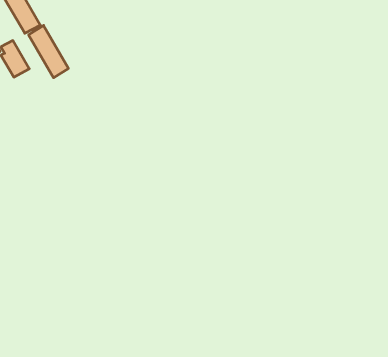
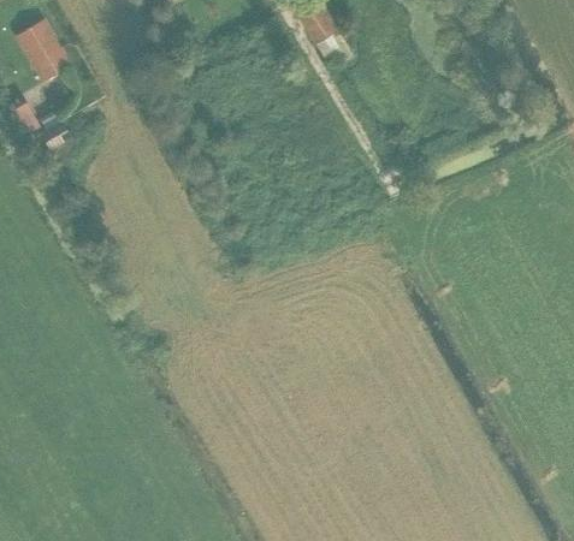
building: [29,25,68,78] -> none

